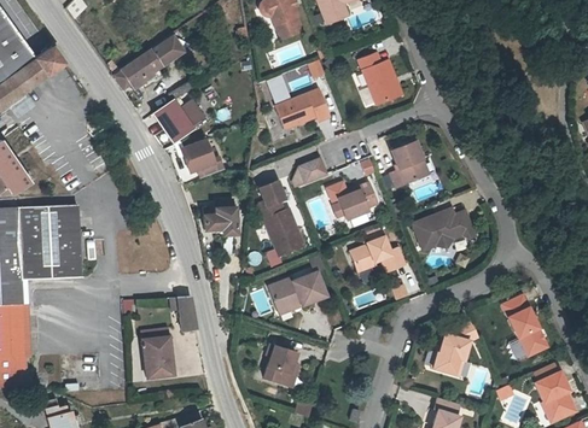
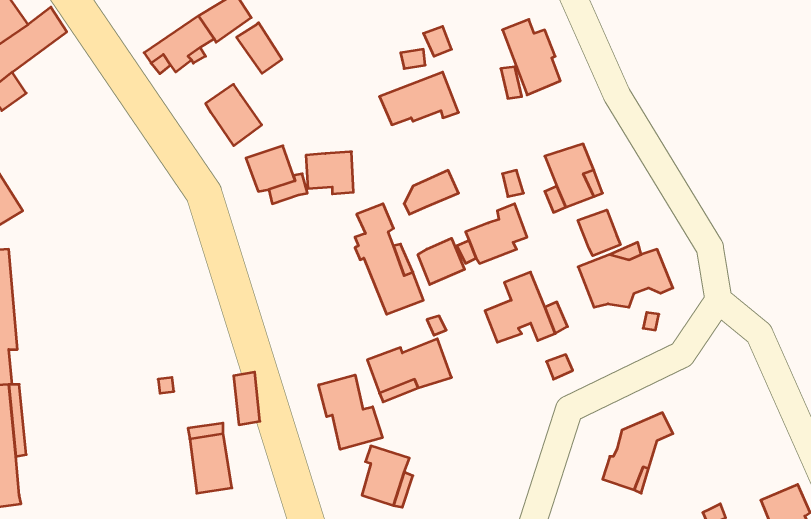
building: none -> [237,23,282,73]
building: none -> [578,210,620,256]
building: none -> [418,238,465,285]
building: [21,205,81,279] -> none
building: [202,207,234,236] -> [306,152,353,194]
building: [505,293,548,354] -> none
building: none -> [319,375,382,449]

